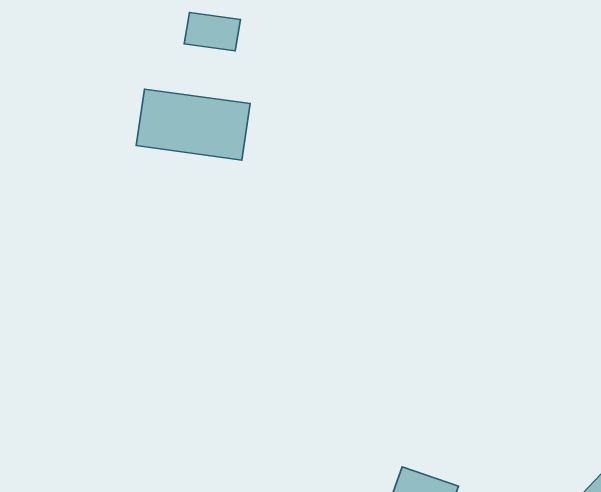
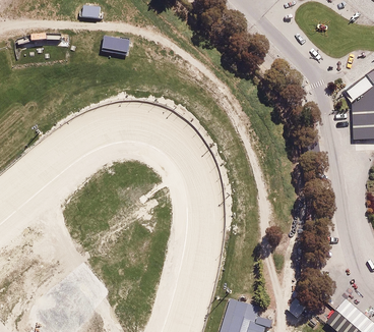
building: [136,89,250,160] -> none

